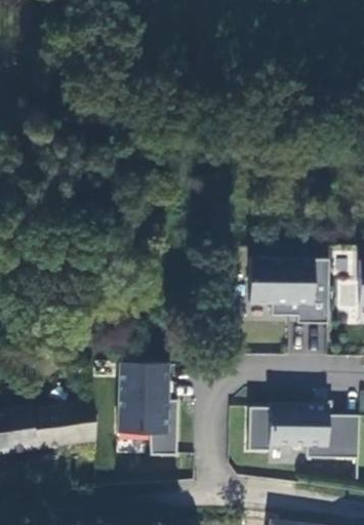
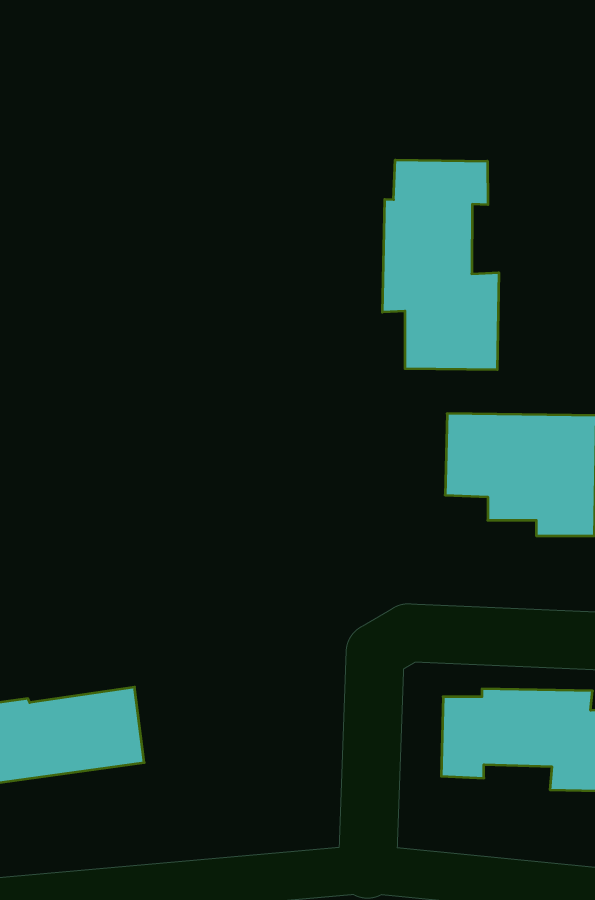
building: none -> [382,160,499,370]
building: [118,360,178,455] -> none

